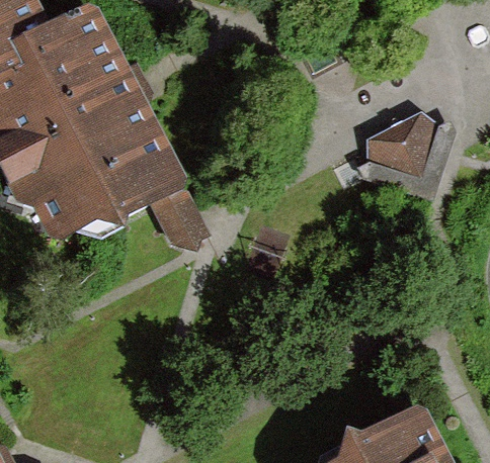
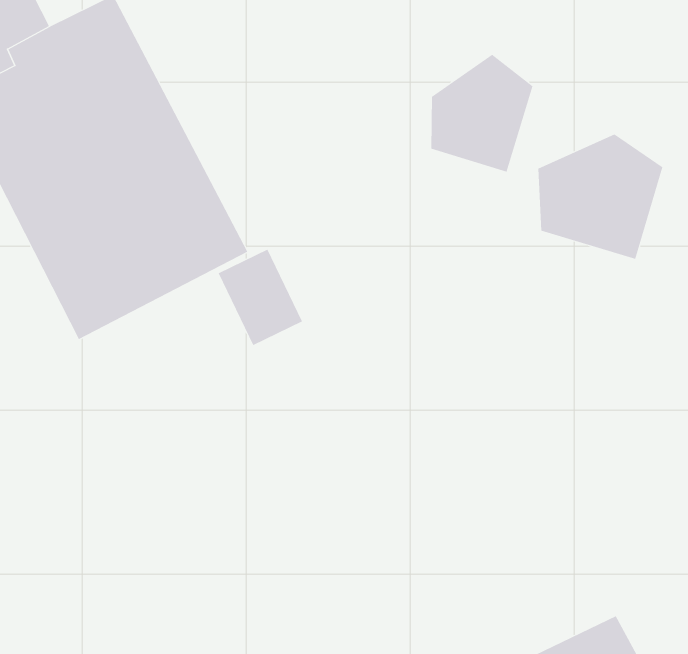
building: none -> [431,54,533,173]

